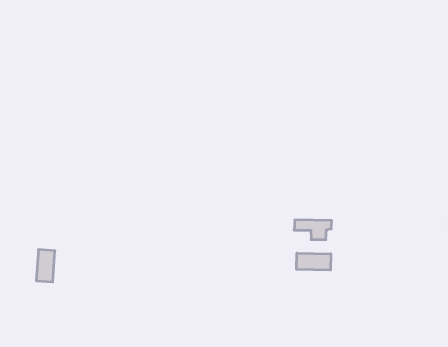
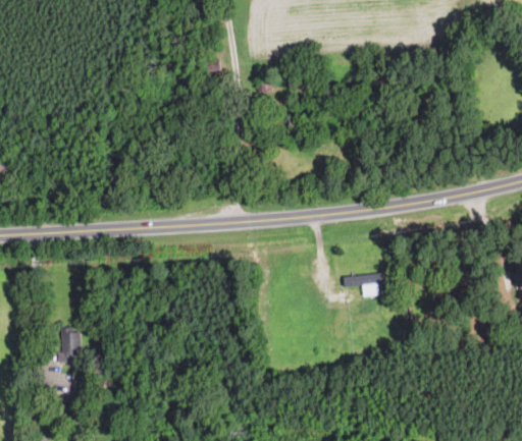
building: [297,253,331,270] -> none

